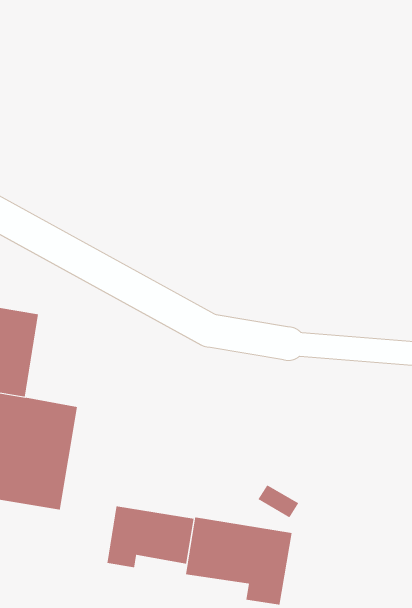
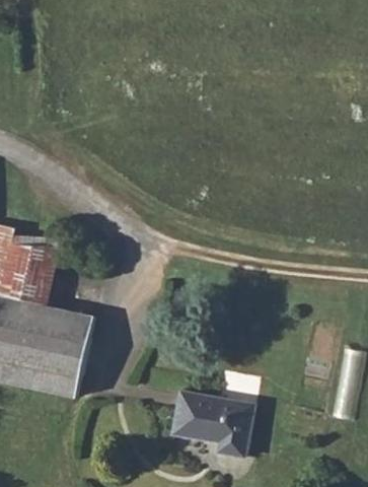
building: [107,505,194,568] -> none

